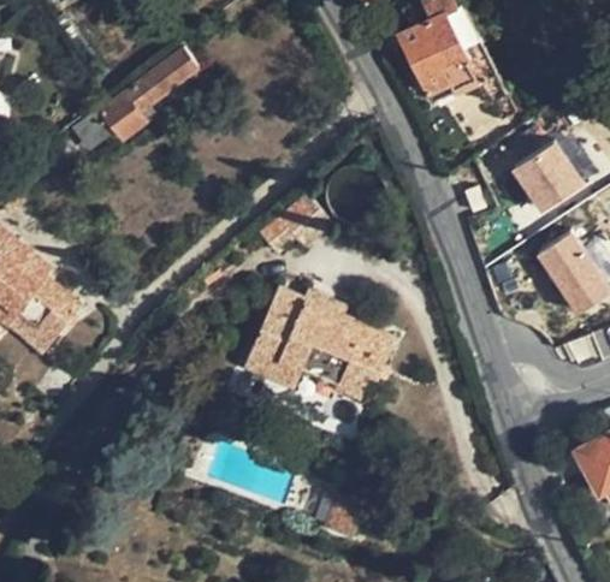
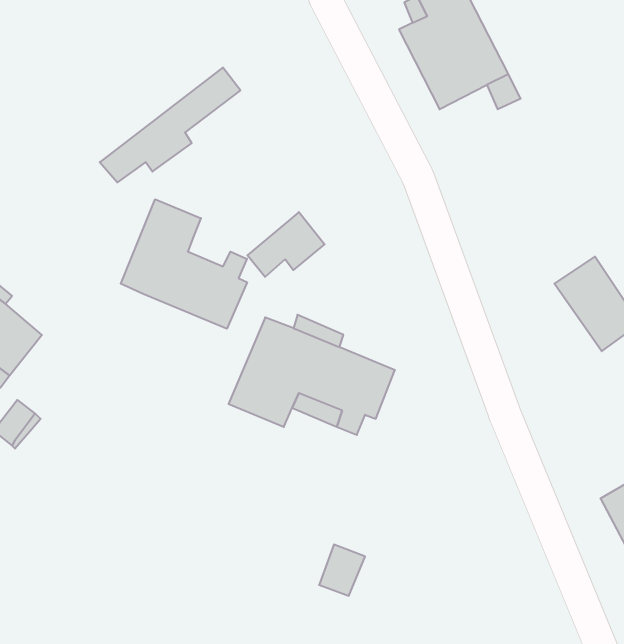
building: [73,46,199,148] -> [100,68,240,182]
building: [511,143,584,215] -> none
building: none -> [121,199,247,329]

